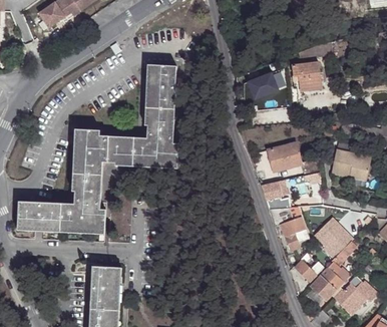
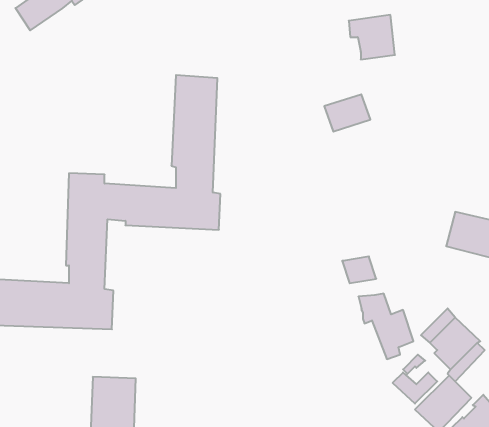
building: [293,60,324,90] -> [349,15,395,59]
building: [259,143,320,177] -> none

